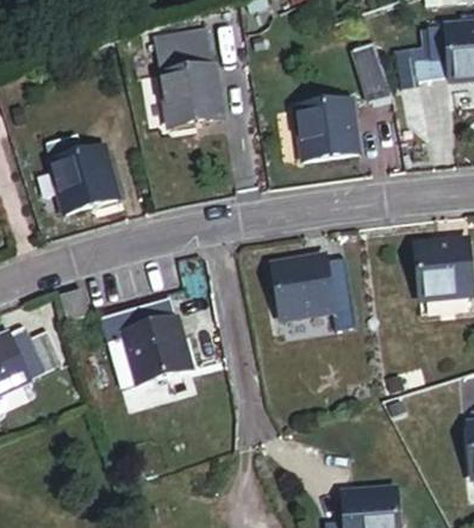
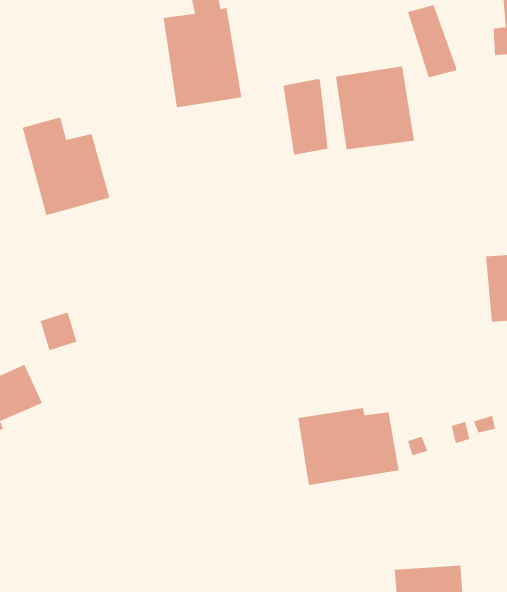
building: none -> [283,78,328,155]
building: [272,256,353,318] -> [298,407,400,485]
building: [101,299,188,386] -> none

